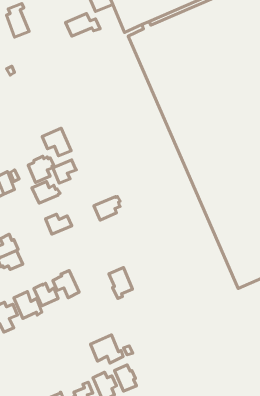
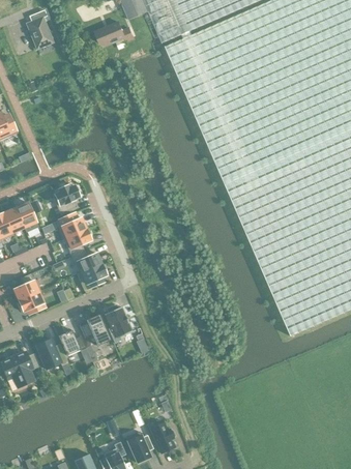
building: [42,128,71,156] -> none
building: [53,160,76,183] -> [64,229,91,256]
building: [94,197,120,220] -> [77,264,107,291]
building: [109,267,133,298] -> [105,306,131,342]
building: [91,335,123,363] -> none

